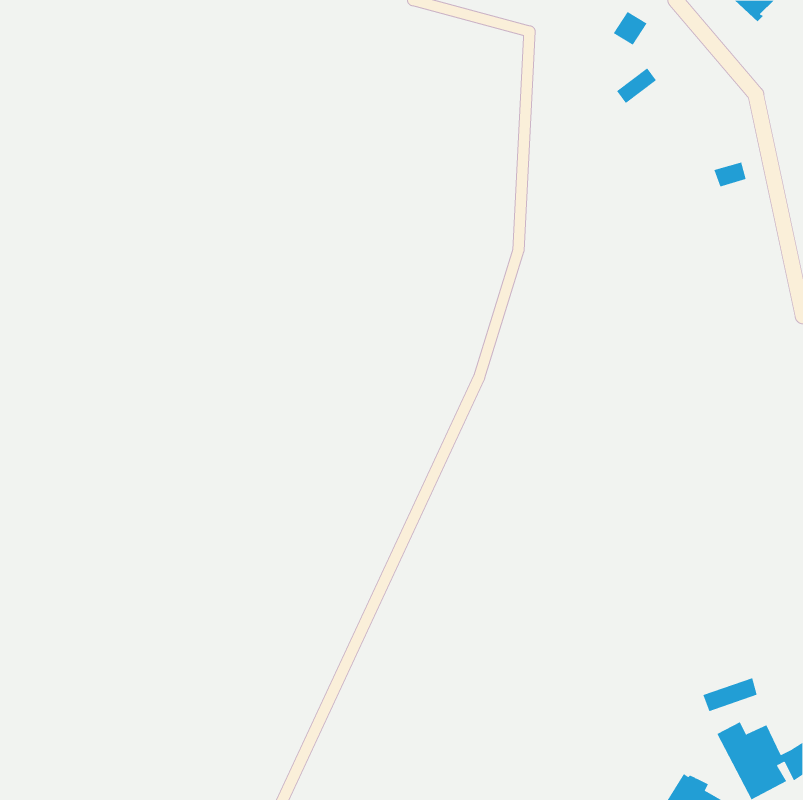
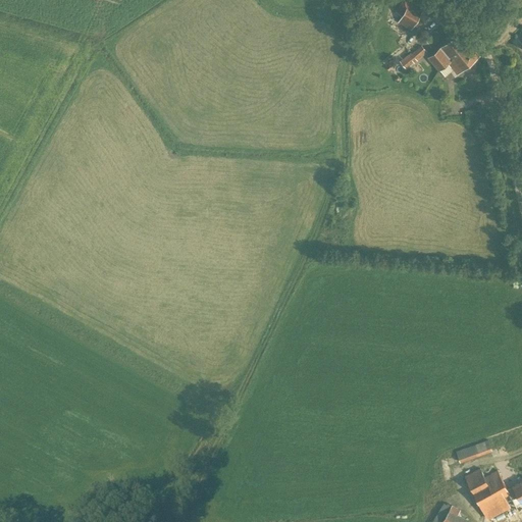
building: none -> [428,35,479,75]

